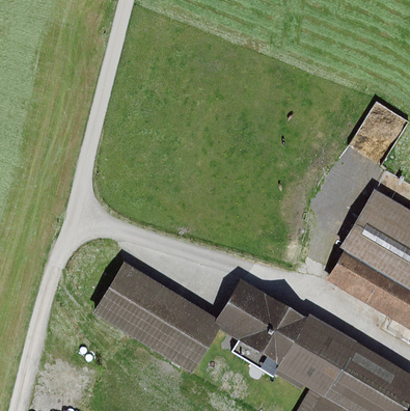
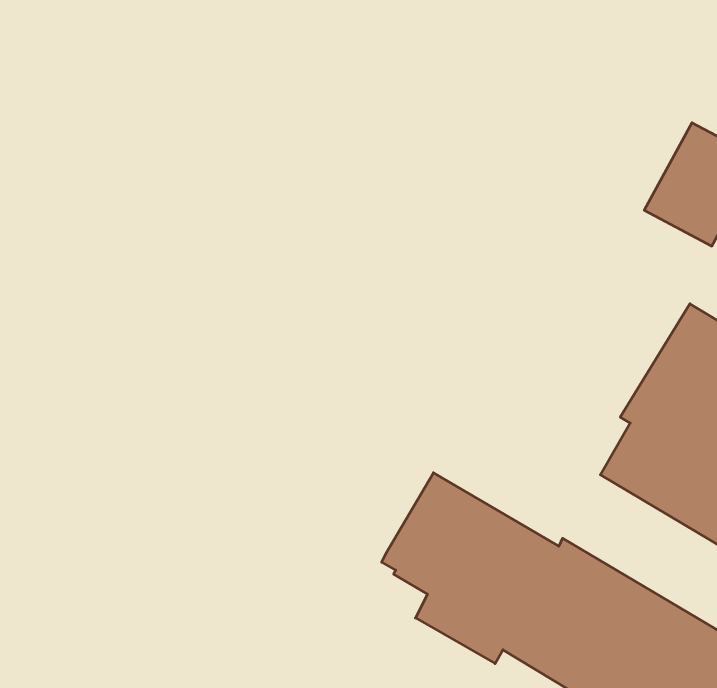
building: [93,262,221,374] -> none

